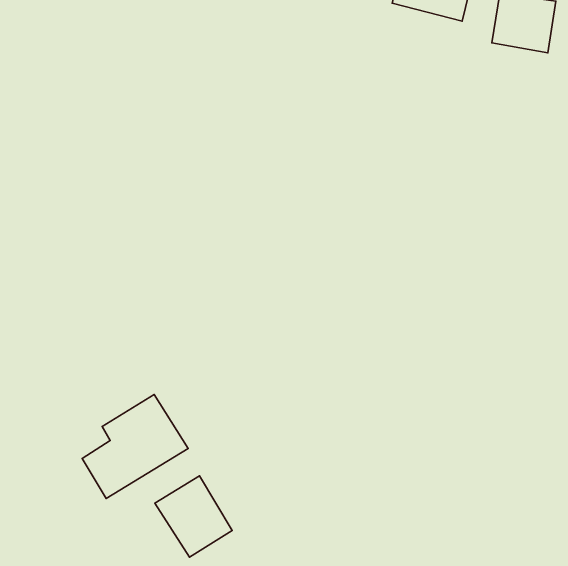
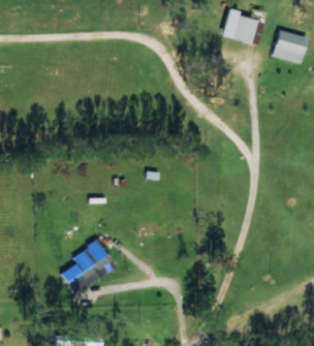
building: [155,476,232,557] -> none

